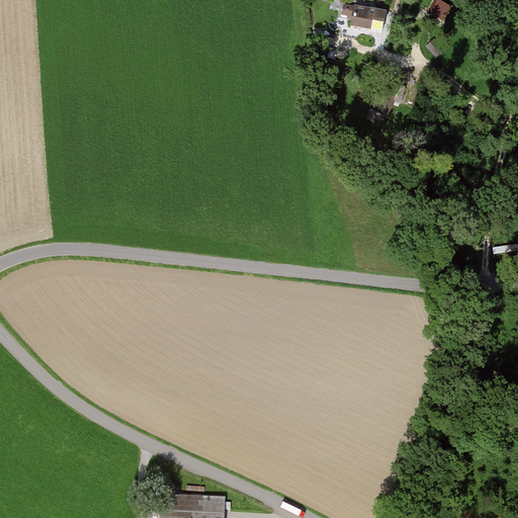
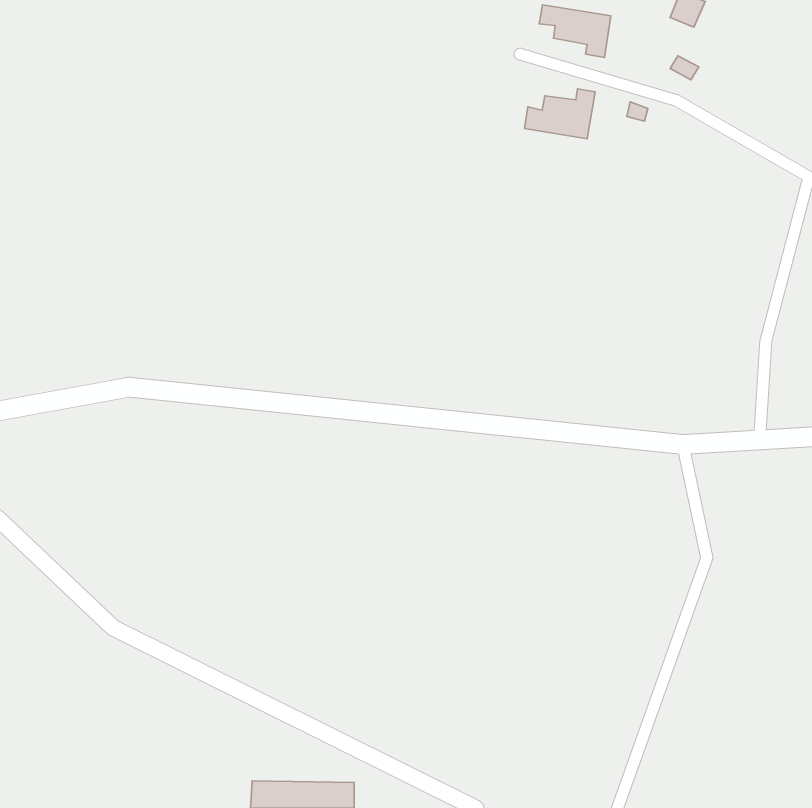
building: none -> [524,89,595,139]

